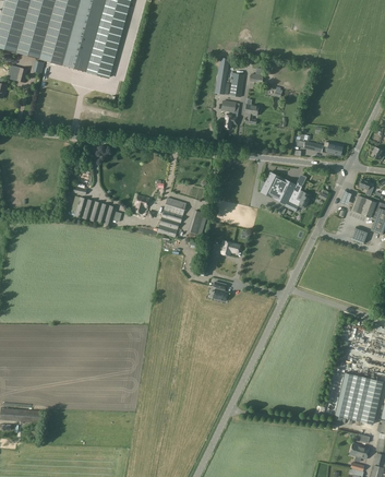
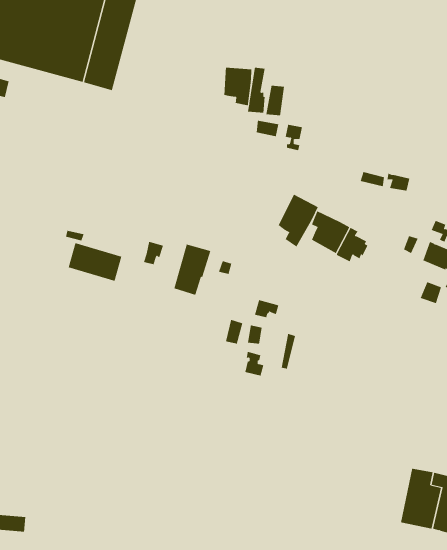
building: none -> [224,67,252,106]
building: none -> [278,194,319,248]

